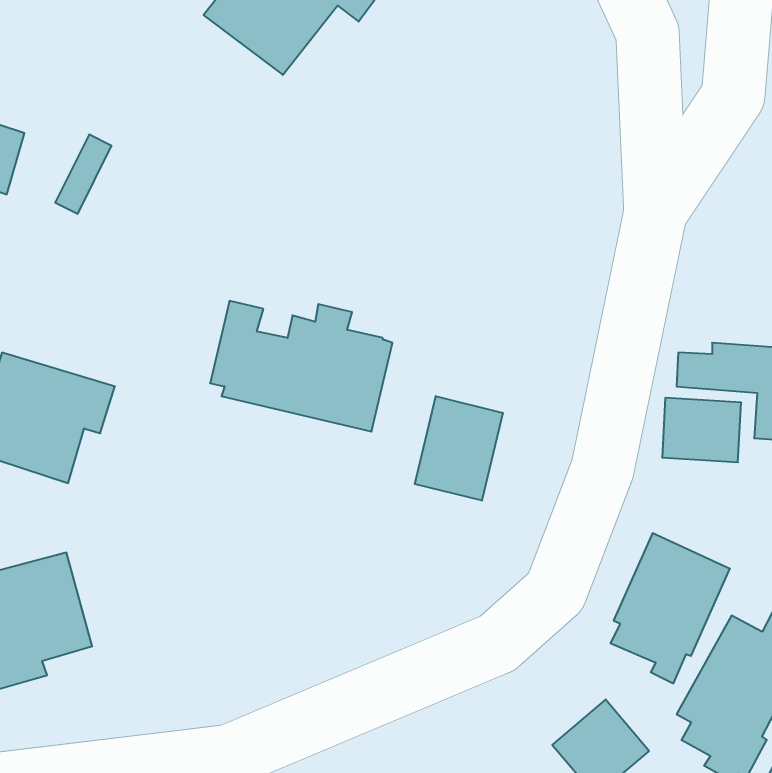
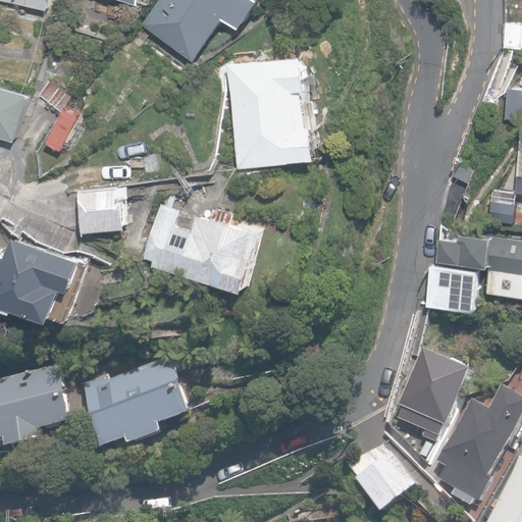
building: none -> [222,57,316,169]
building: none -> [76,186,128,232]
building: [415,396,503,501] -> none
building: none -> [76,357,189,452]

